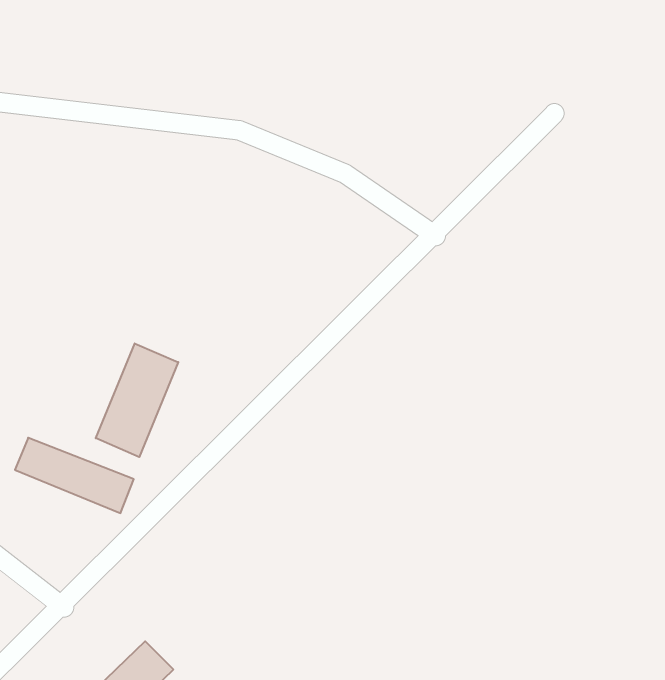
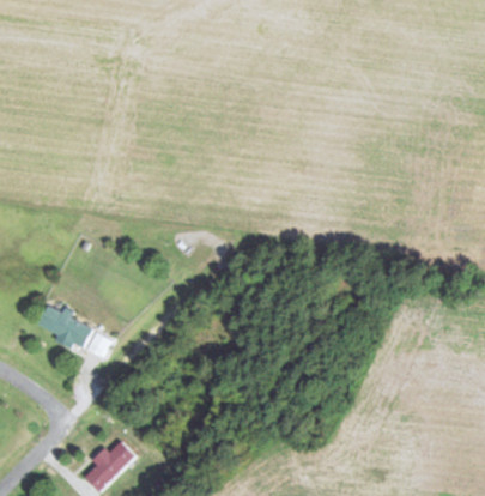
building: [96,343,178,457] -> none

